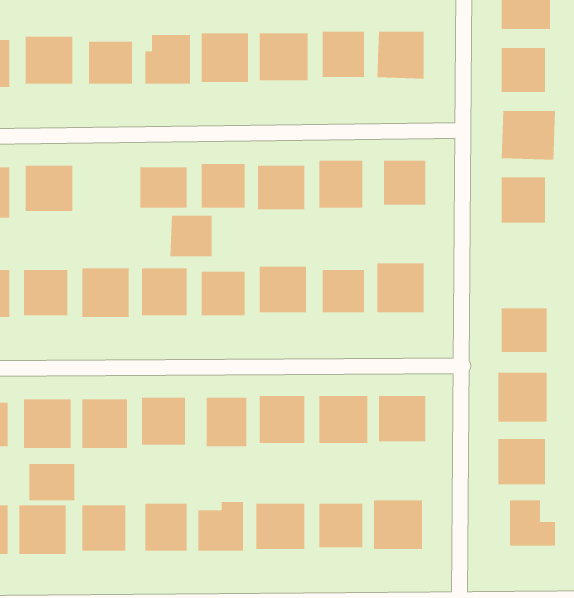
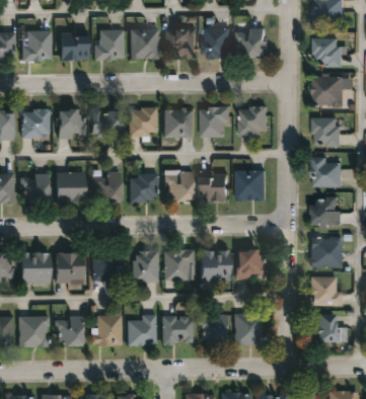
building: [169,215,213,257] -> [59,109,85,135]
building: none -> [313,156,342,185]
building: [29,463,75,501] -> none

